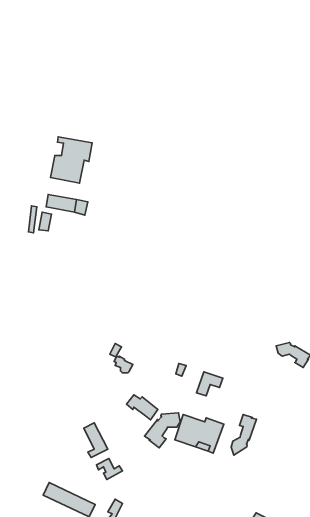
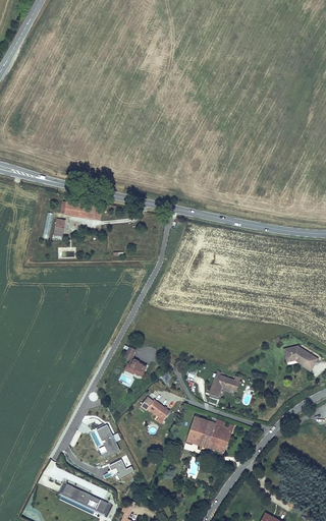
building: [51,137,92,183] -> none
building: [145,413,180,448] -> none
building: [231,414,257,455] -> none

